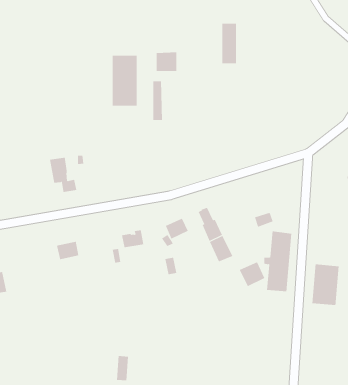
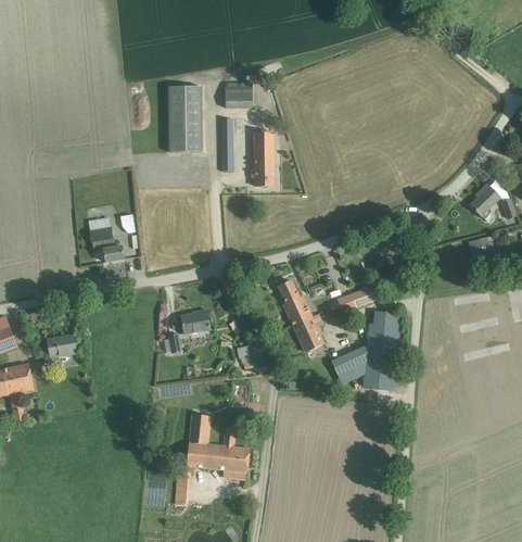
building: [221,23,237,64] -> [254,133,273,185]
building: [165,218,189,239] -> none
building: [56,241,79,260] -> [47,333,76,357]
building: [312,264,339,306] -> none
building: none -> [186,414,249,471]

